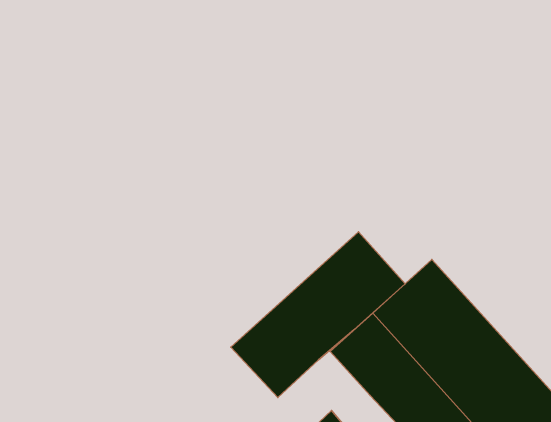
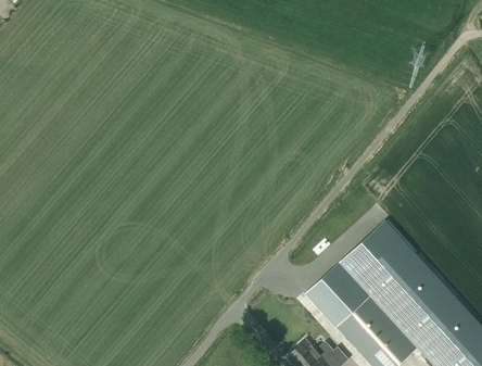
building: [231,232,405,397] -> none

